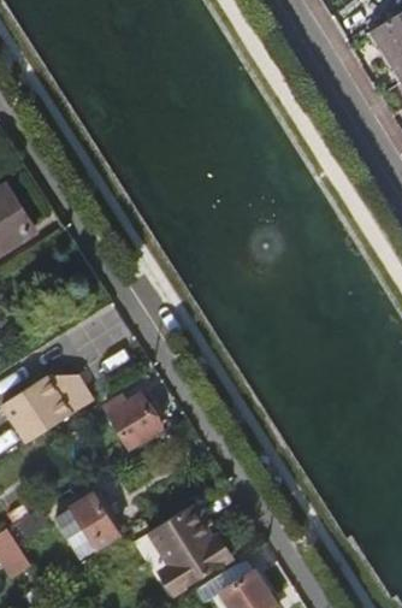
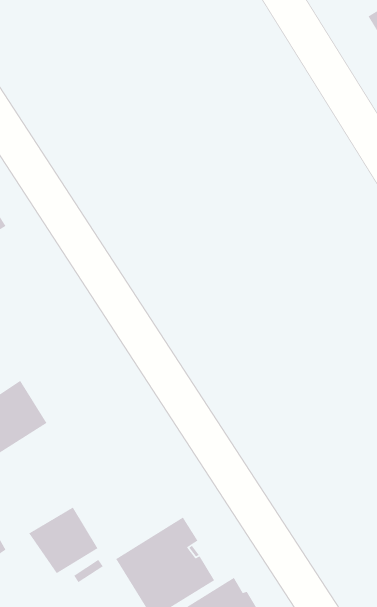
building: [46,373,95,414] -> none
building: [106,391,164,447] -> none

